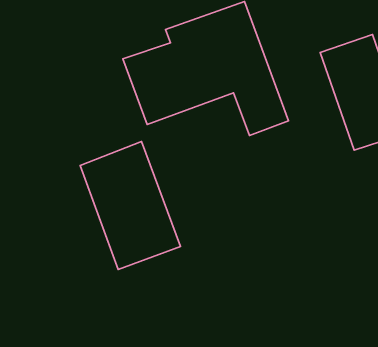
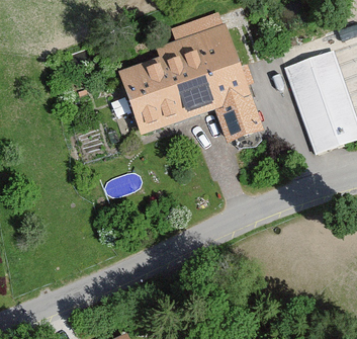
building: [80,142,181,269] -> none

